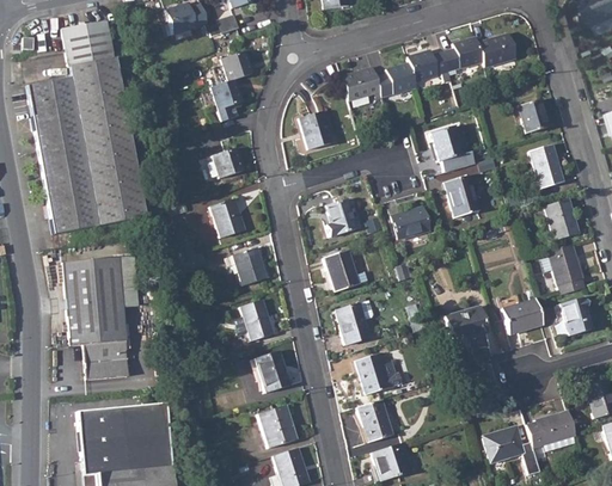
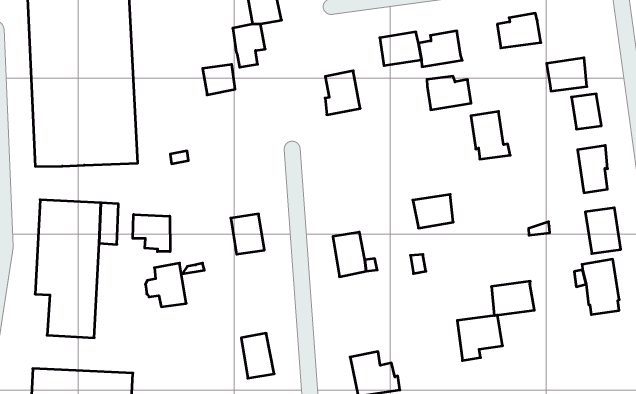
building: [478,32,516,66] -> [547,58,587,91]
building: [408,49,449,81] -> [427,76,471,110]
building: [213,147,244,177] -> [203,64,235,95]
building: [445,173,481,216] -> none
building: [212,196,245,236] -> none
building: [326,197,356,235] -> none
building: none -> [133,214,170,252]
building: [561,295,594,336] -> none
building: [235,299,274,339] -> [145,263,186,307]
building: [503,299,544,333] -> [491,281,534,316]
building: [335,302,371,345] -> none

